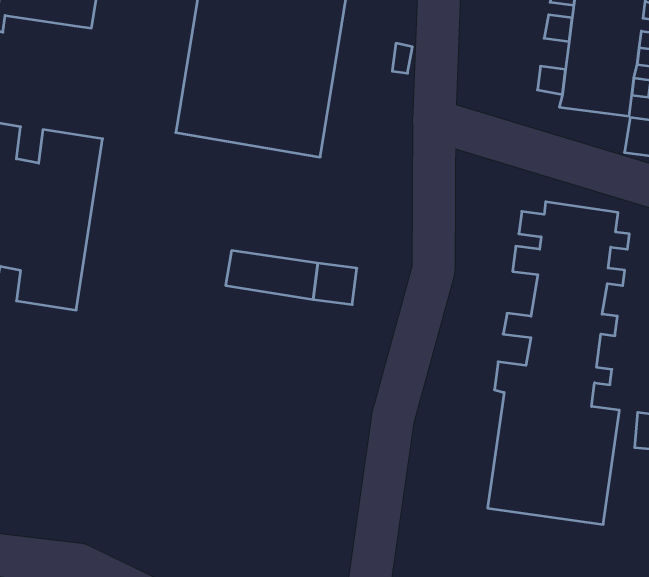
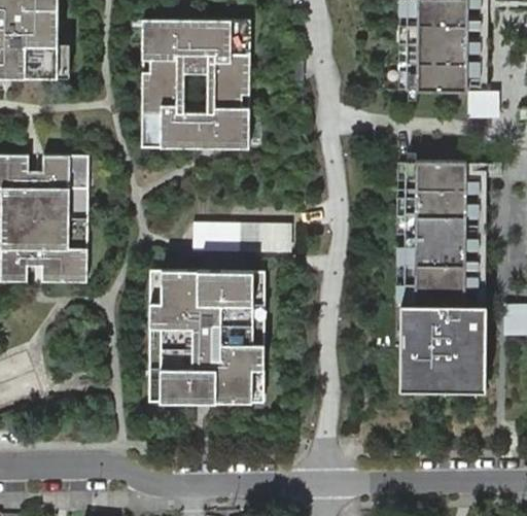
building: none -> [146,271,261,404]

